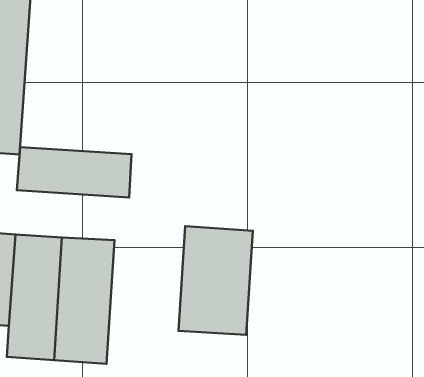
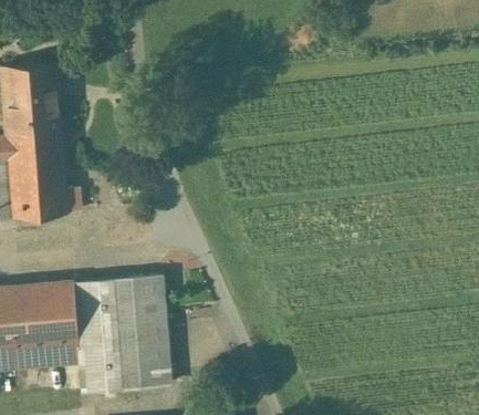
building: [17,147,132,197] -> none
building: [178,226,253,335] -> none

